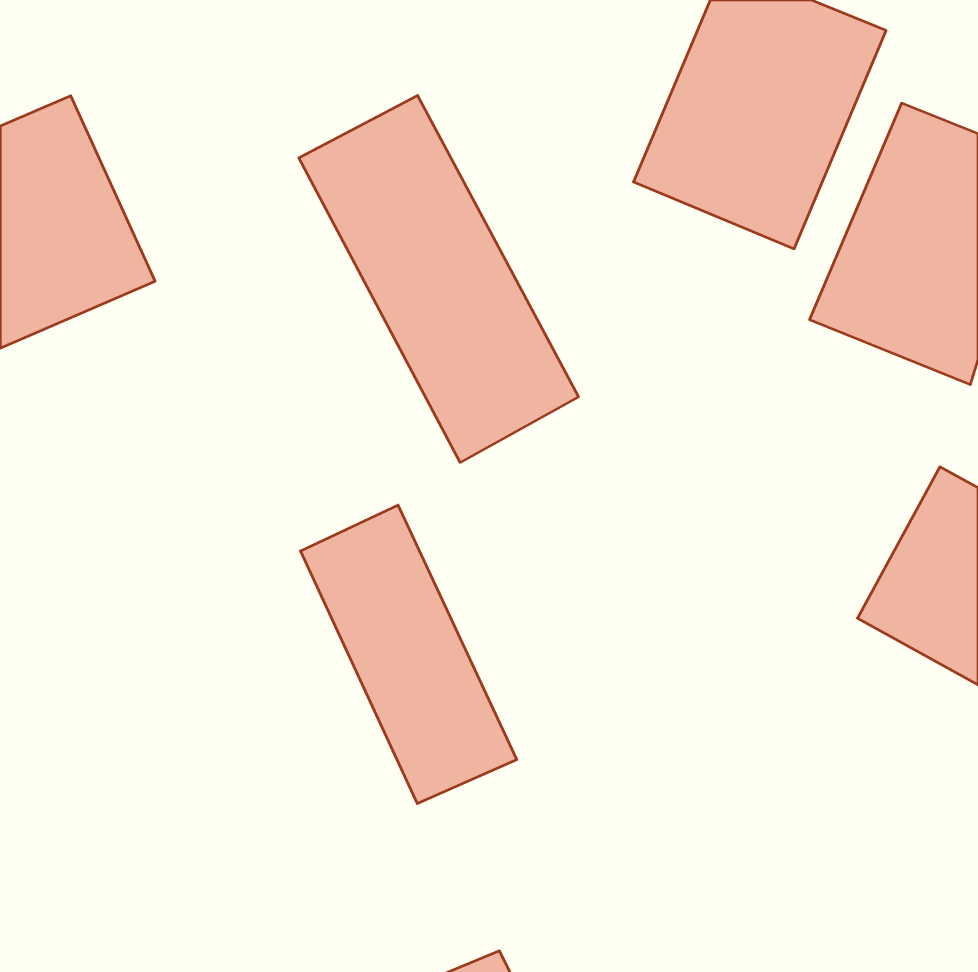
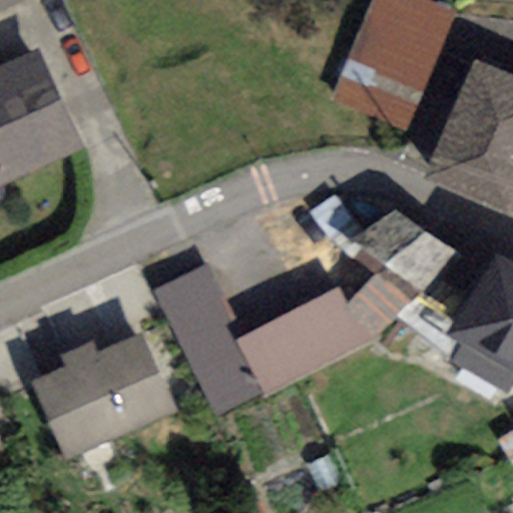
building: [299,95,578,462] -> none
building: none -> [261,202,457,376]
building: none -> [26,332,174,459]

